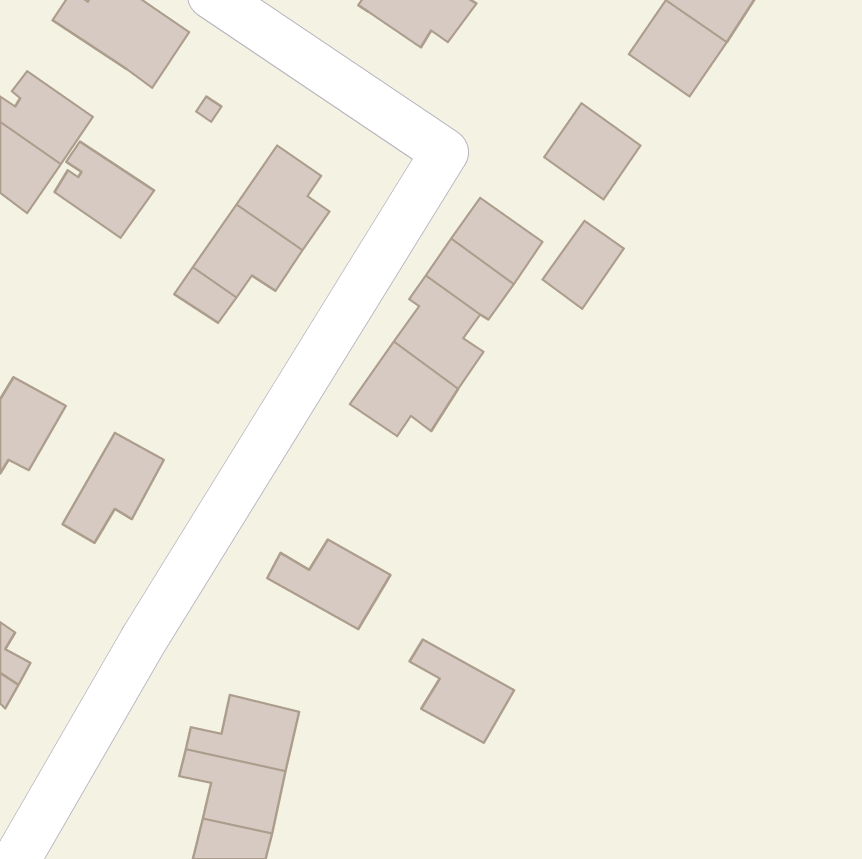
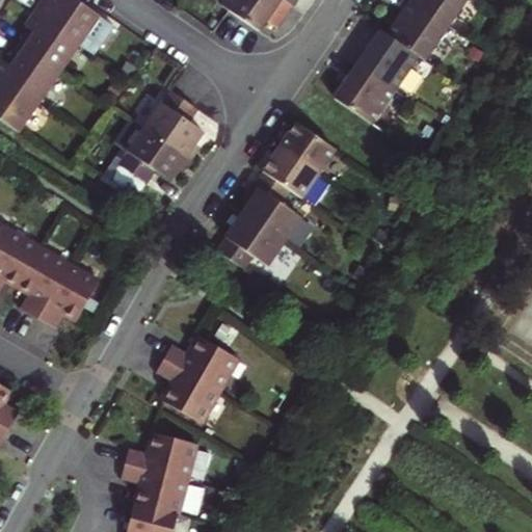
building: none -> [358,29,419,89]
building: [54,142,154,238] -> [18,12,79,72]
building: [542,221,624,309] -> none
building: none -> [19,249,72,322]
building: [409,640,514,743] -> [157,355,221,419]

